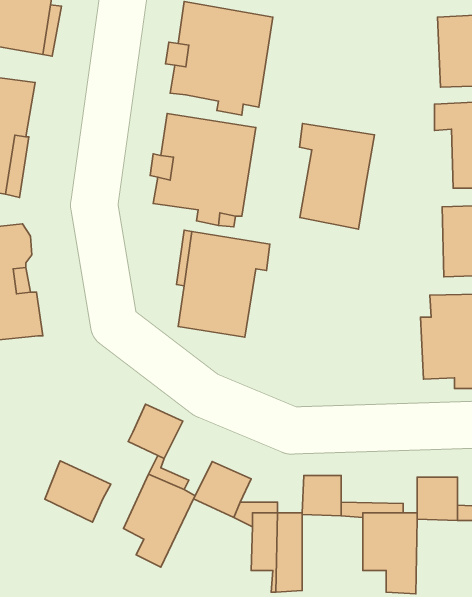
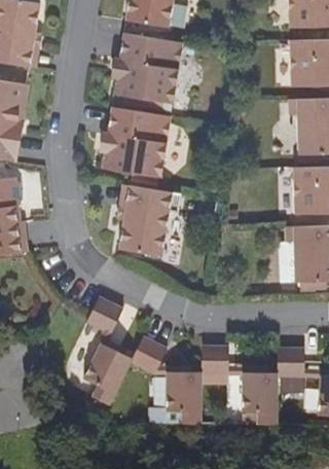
building: [299,124,374,229] -> none
building: [45,461,111,522] -> none

